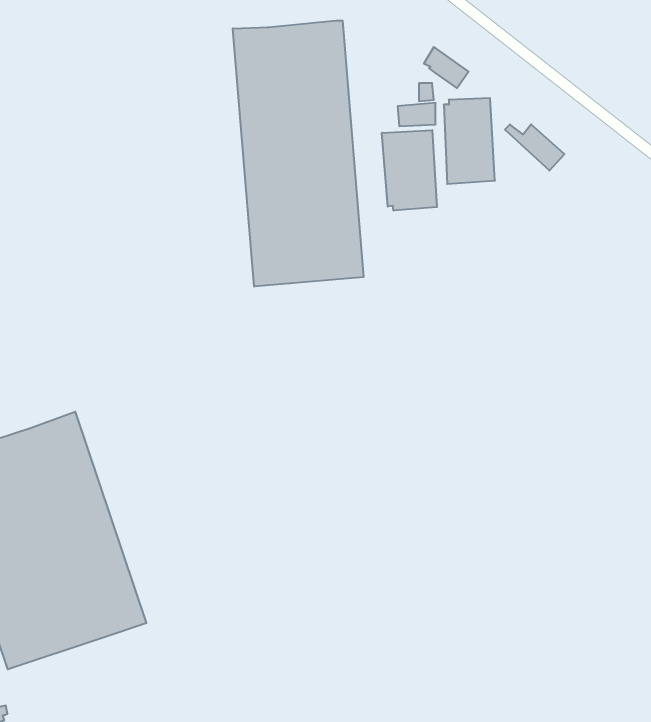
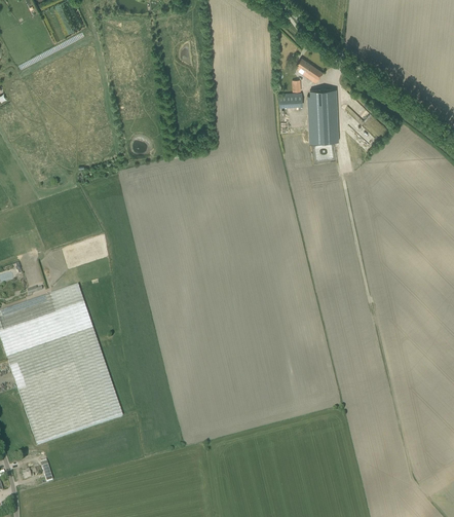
building: [233,21,364,287] -> none
building: [382,130,437,211] -> none

